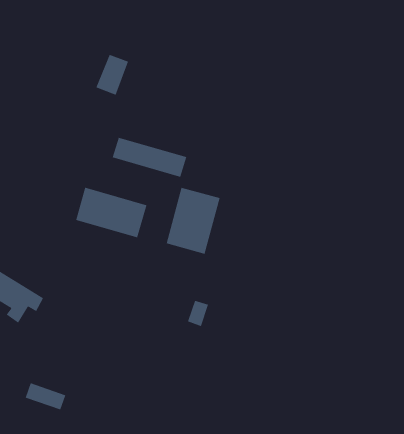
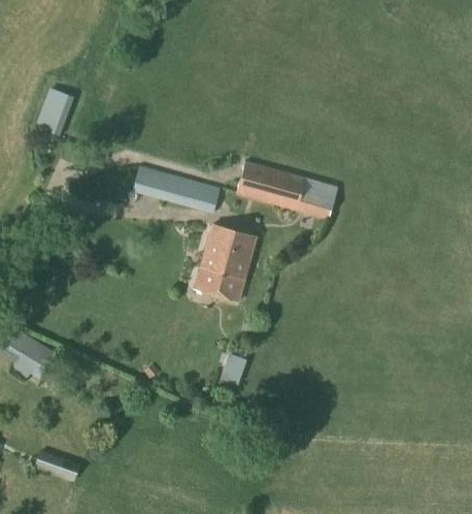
building: [96,54,129,96] -> [35,89,73,136]
building: none -> [237,161,337,219]
building: [75,187,147,238] -> none

